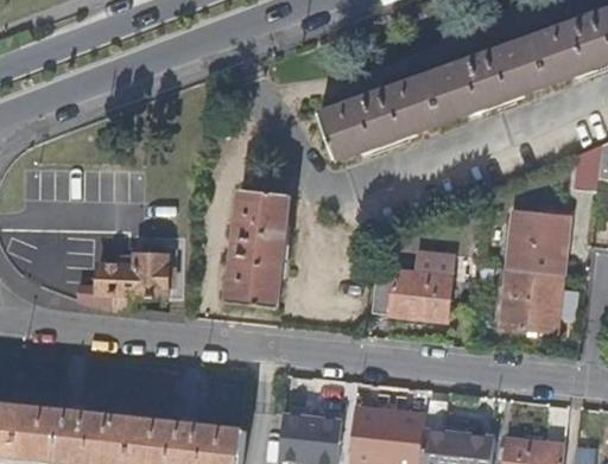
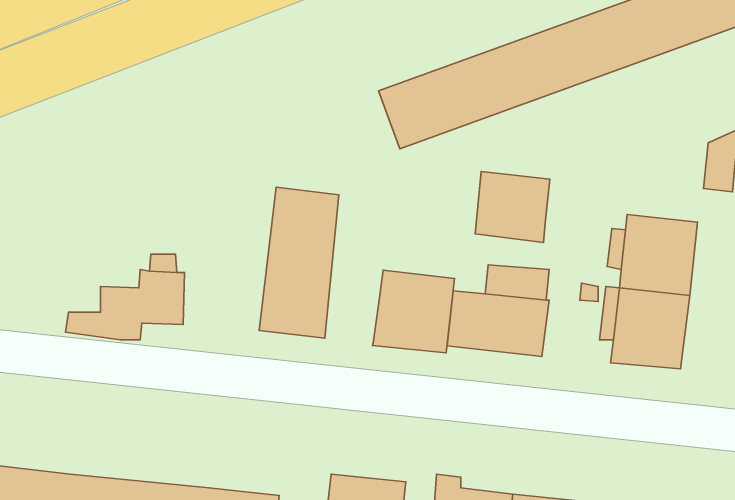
building: none -> [475,172,550,243]
building: none -> [373,270,455,353]

